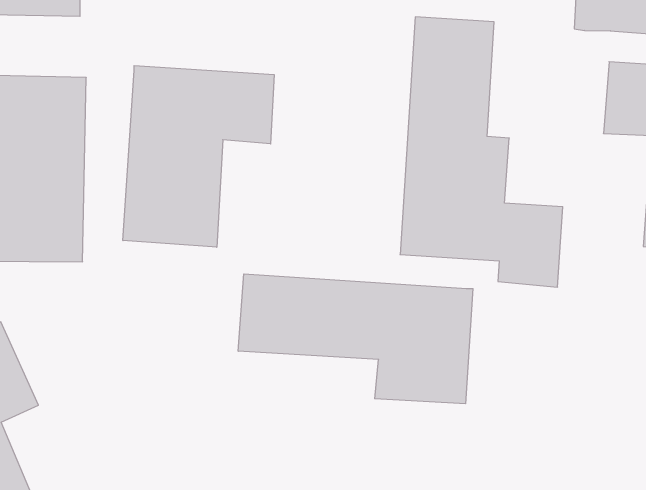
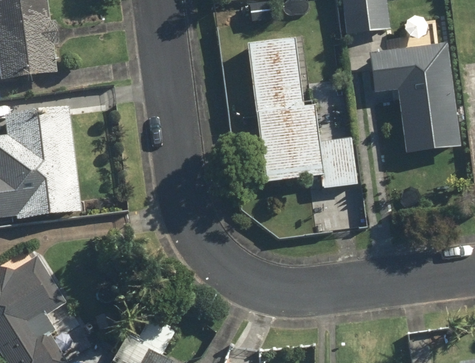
building: [123,66,274,247] -> none
building: [238,274,473,404] -> none

